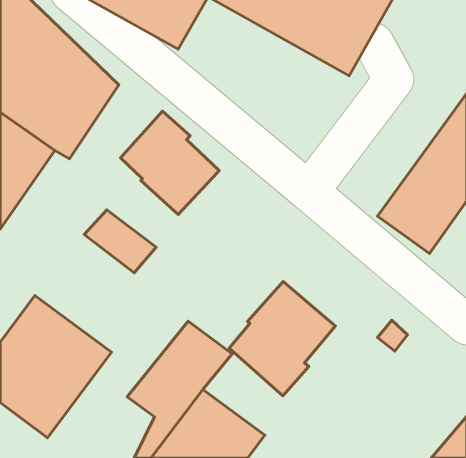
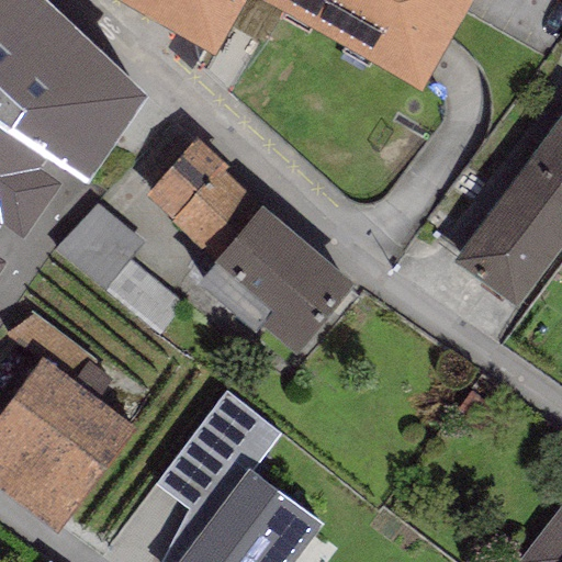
building: none -> [57,196,144,282]
building: none -> [196,207,353,355]
building: [229,281,335,396] -> none

